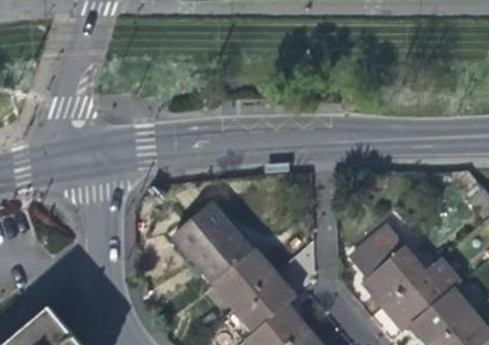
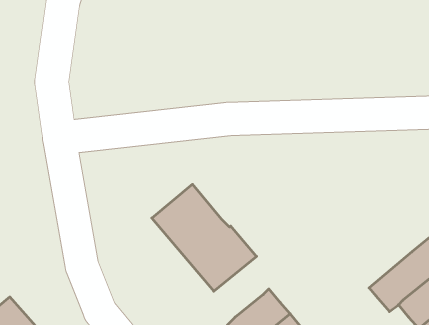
building: [352,224,427,307] -> none
building: [234,276,297,335] -> none

